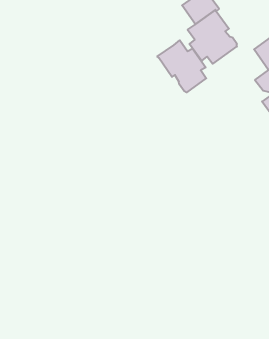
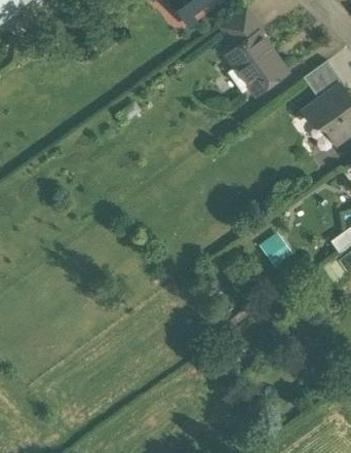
building: [157,40,206,92] -> none

